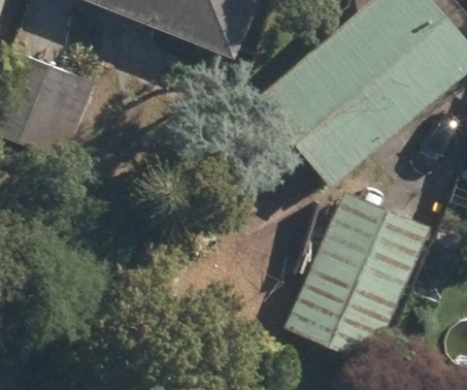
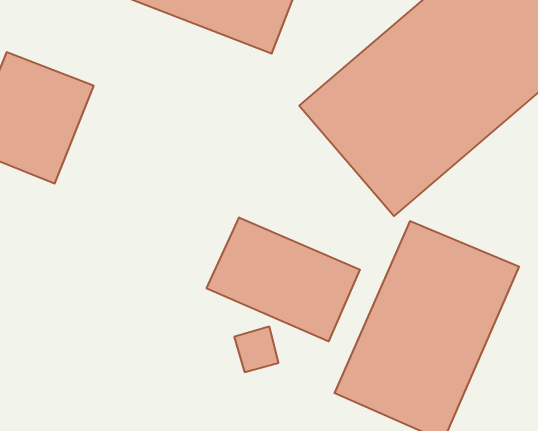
building: none -> [207,217,360,341]

